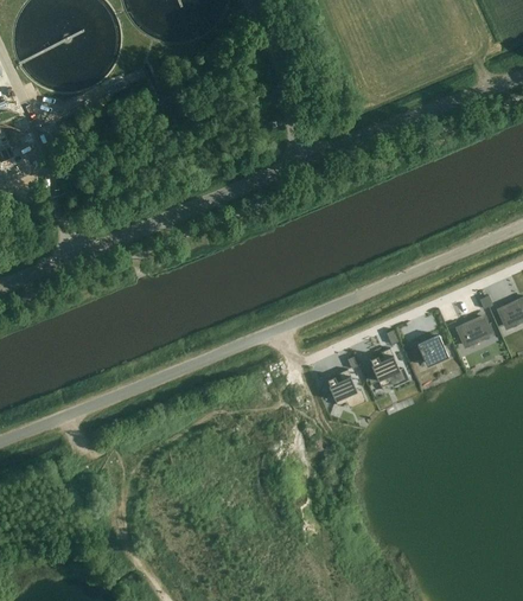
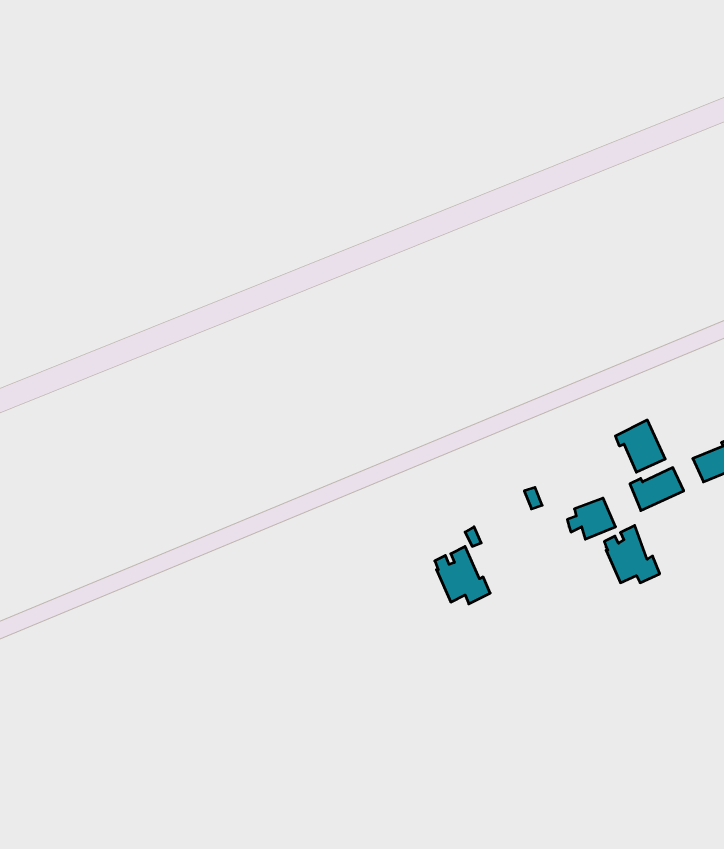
building: none -> [615,420,665,472]
building: [369,347,406,385] -> [604,525,660,583]

